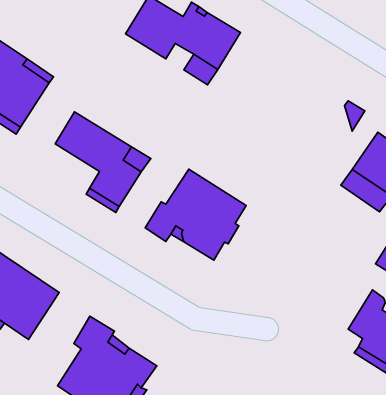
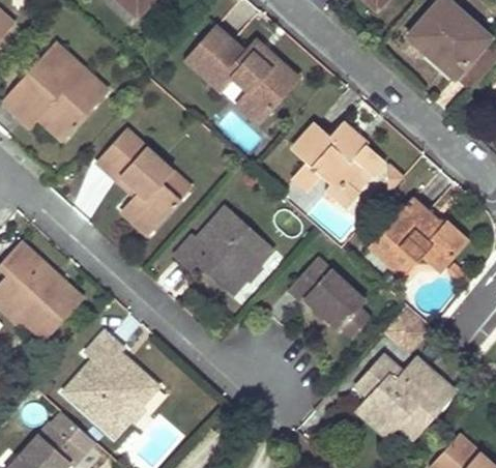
building: none -> [293,124,383,207]
building: none -> [289,255,371,338]

